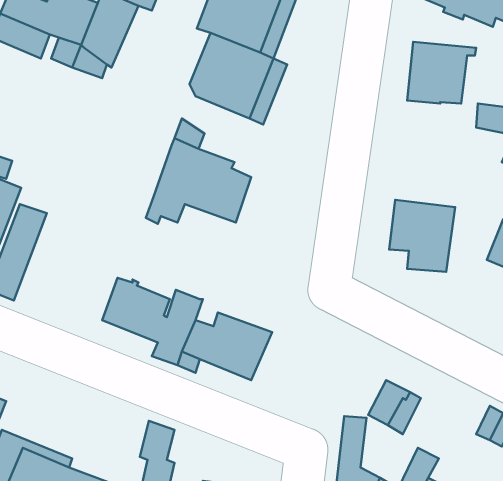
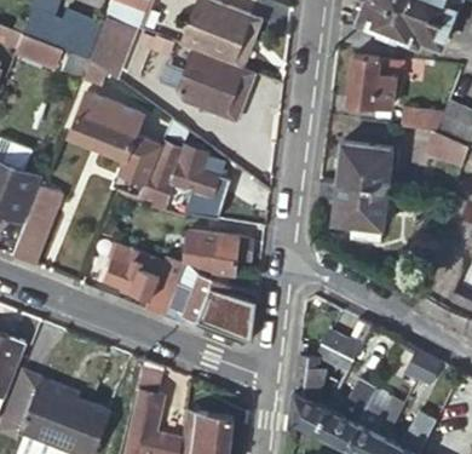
building: none -> [69,86,160,182]
building: none -> [340,143,392,190]
building: none -> [183,230,249,272]

